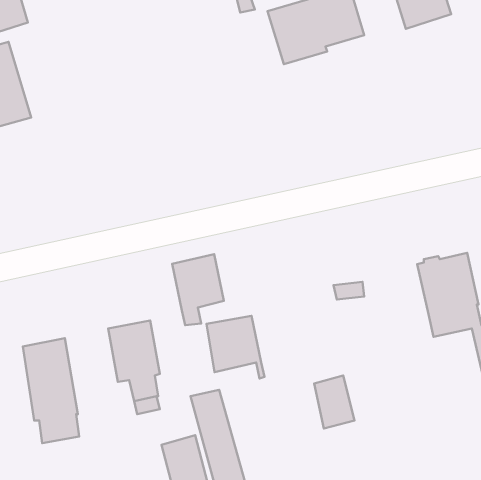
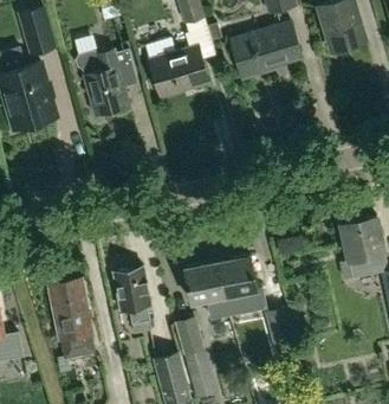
building: none -> [149,46,209,97]
building: none -> [74,49,138,116]
building: [172,254,224,325] -> [219,256,257,308]

